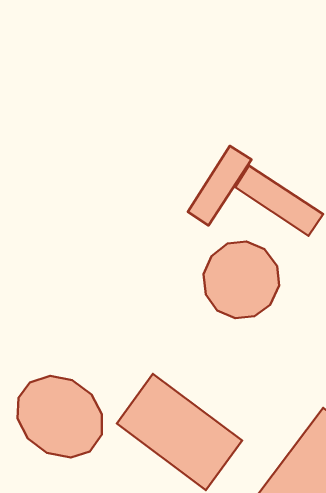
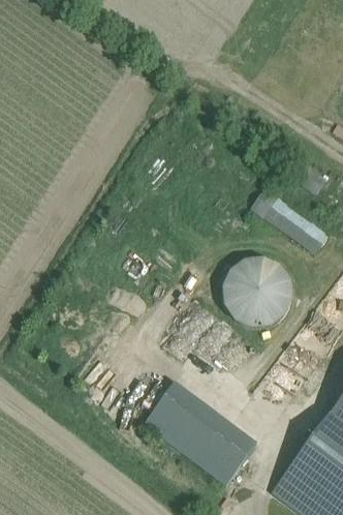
building: [188,146,252,226] -> none
building: [17,376,102,458] -> none

